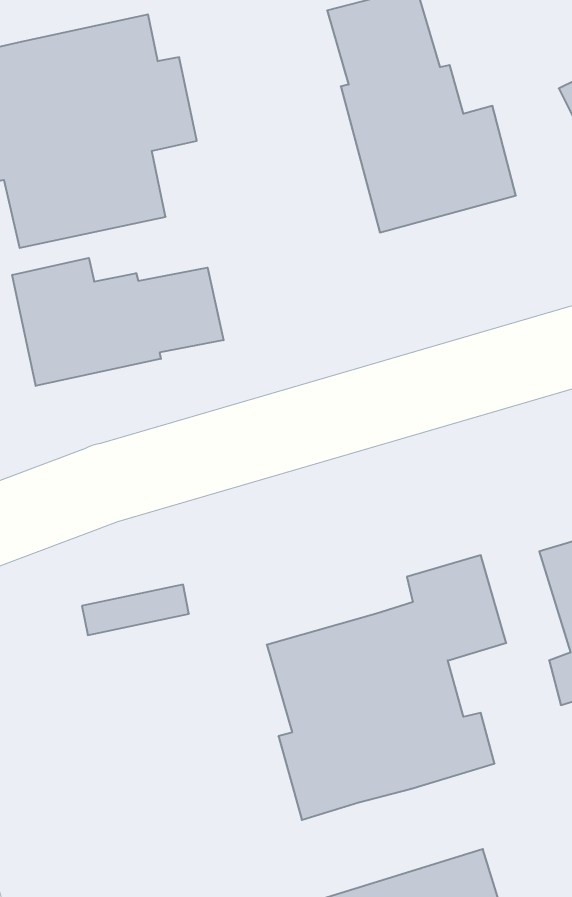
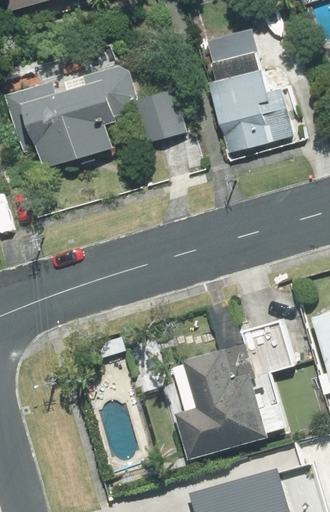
building: none -> [135,88,189,143]
building: [12,258,224,386] -> none

